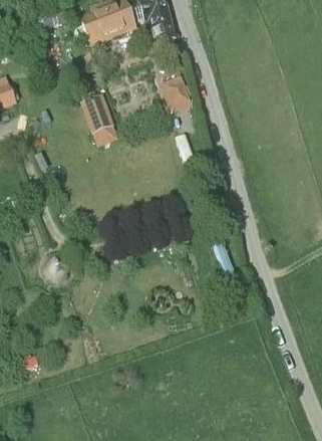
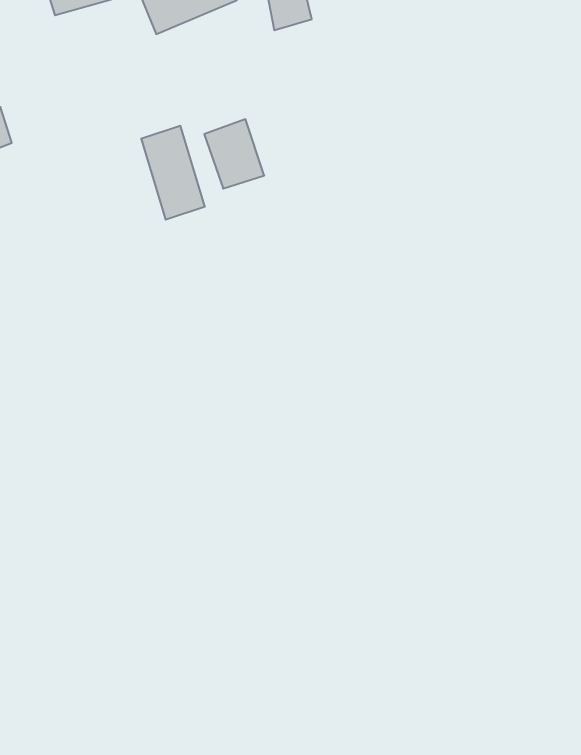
building: [159,72,192,109] -> [204,119,264,189]

